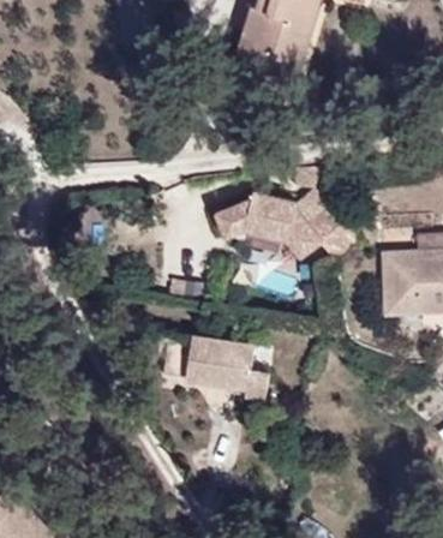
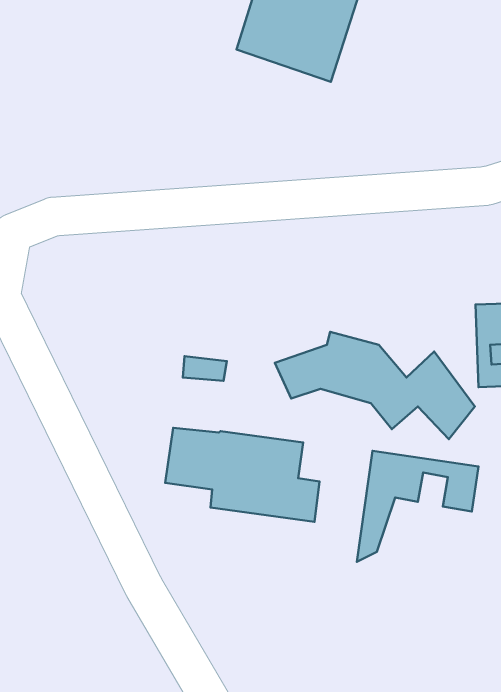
building: [205,189,353,268] -> [275,332,475,439]
building: none -> [357,451,479,562]

